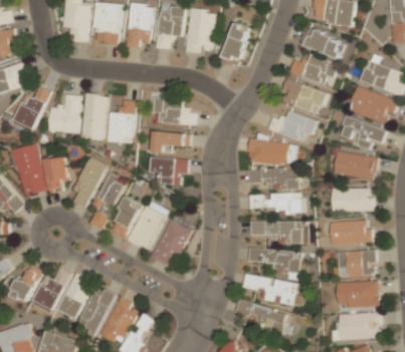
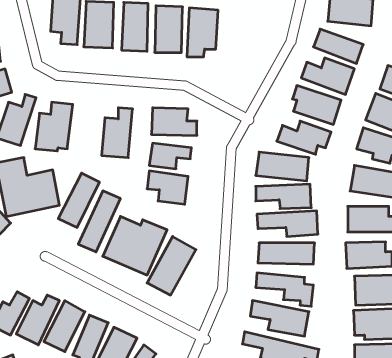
building: [221,22,250,63] -> none
building: [81,93,107,140] -> none

